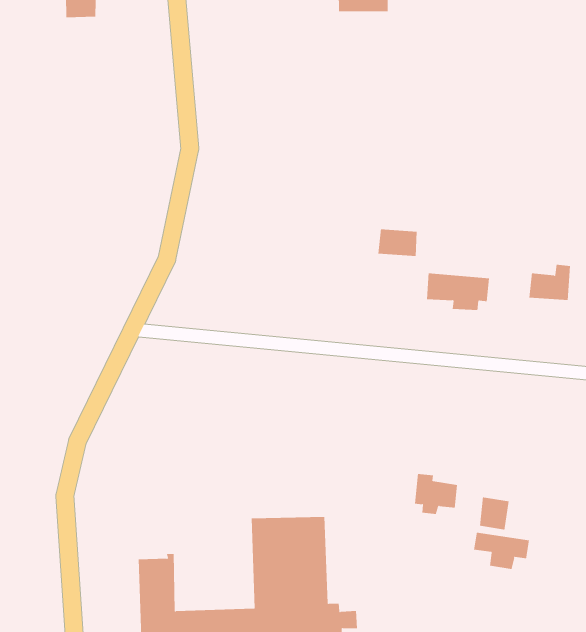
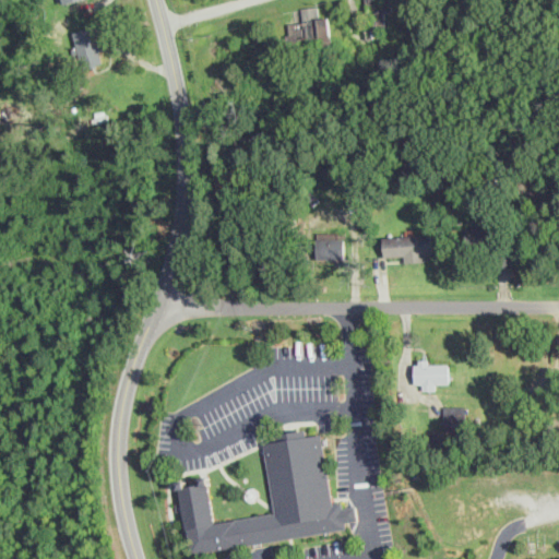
building: [378,229,418,256] -> [312,240,343,261]
building: [414,473,458,515] -> [414,361,447,392]
building: [473,532,530,570] -> none

